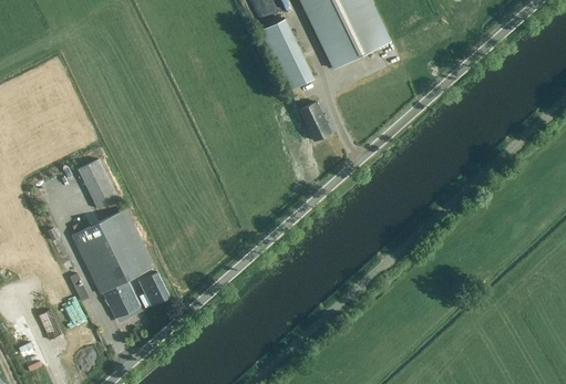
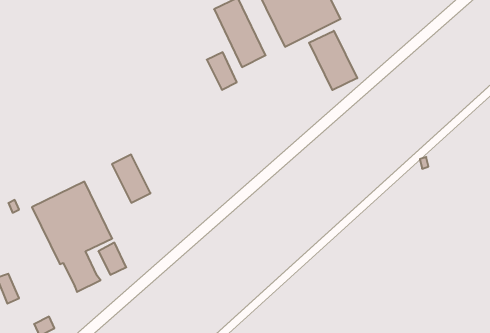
building: none -> [309,31,357,90]
building: [299,103,330,142] -> [207,52,237,90]
building: [79,159,119,209] -> [112,155,151,203]

